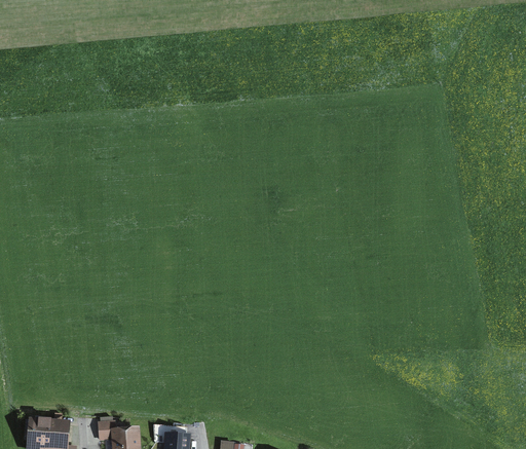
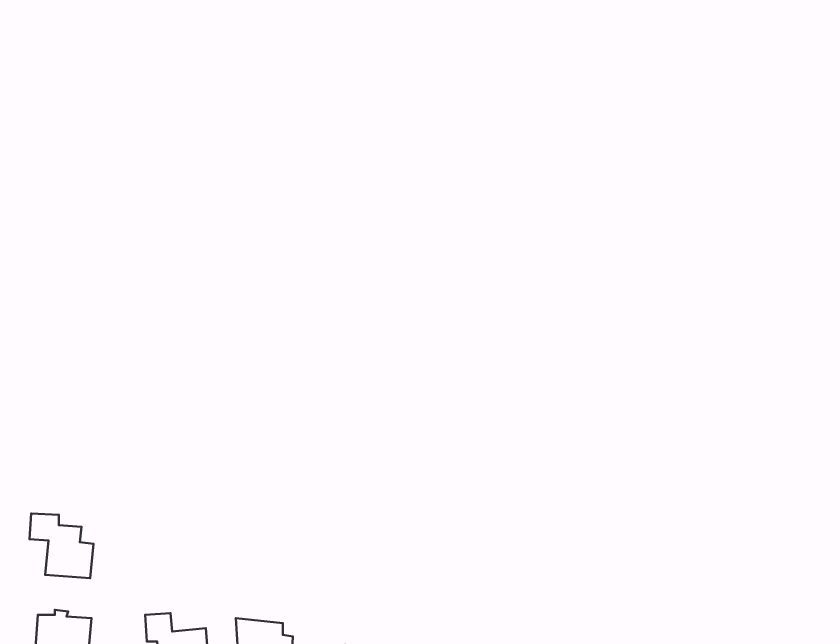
building: none -> [30,513,94,578]

